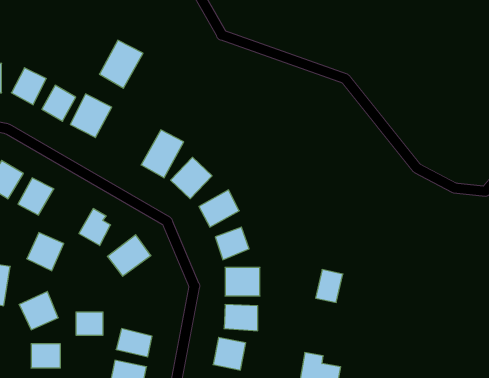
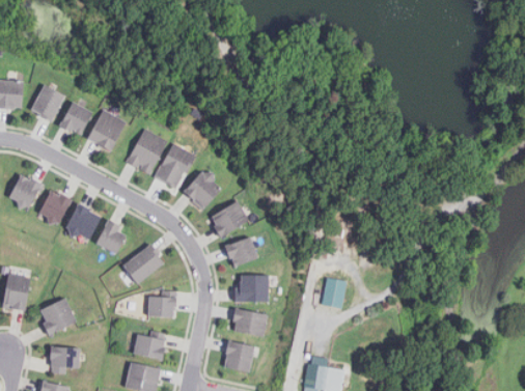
building: [99,40,143,88] -> [127,130,168,175]
building: [27,233,64,271] -> [65,204,101,241]
building: [76,312,103,335] -> [148,296,174,317]

